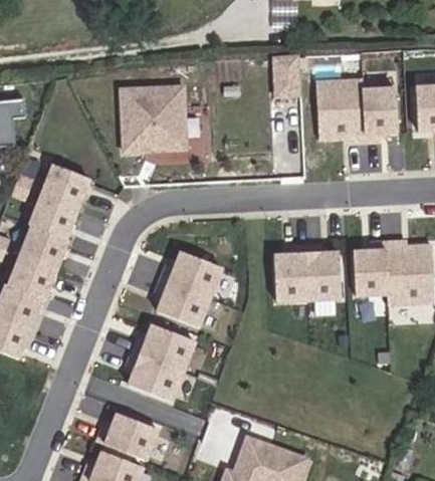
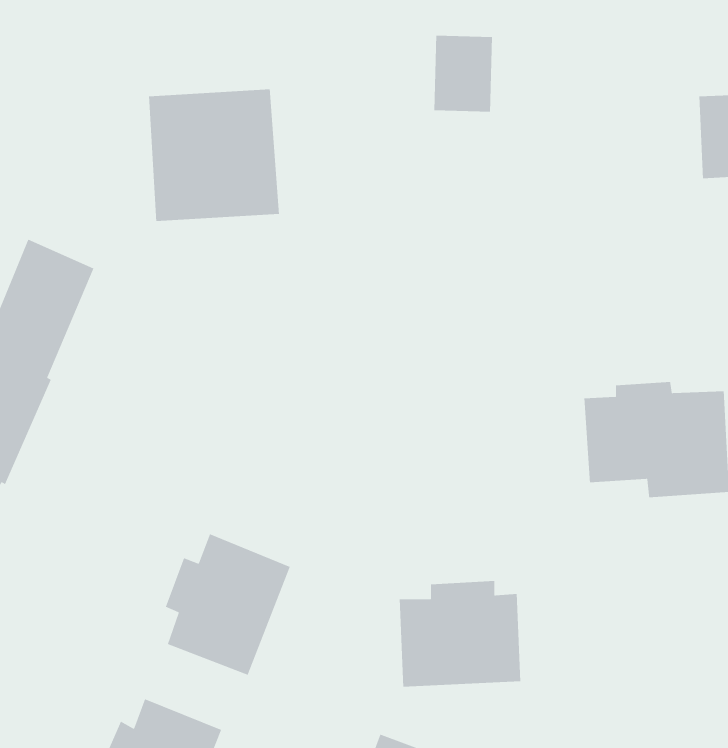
building: [316,80,398,144] -> none
building: [274,245,341,303] -> [399,580,521,688]
building: [155,252,222,328] -> none

